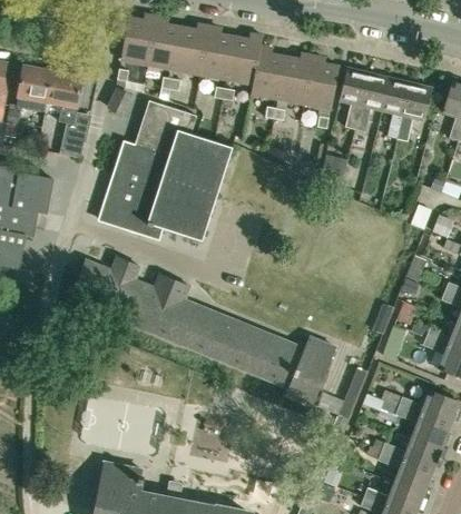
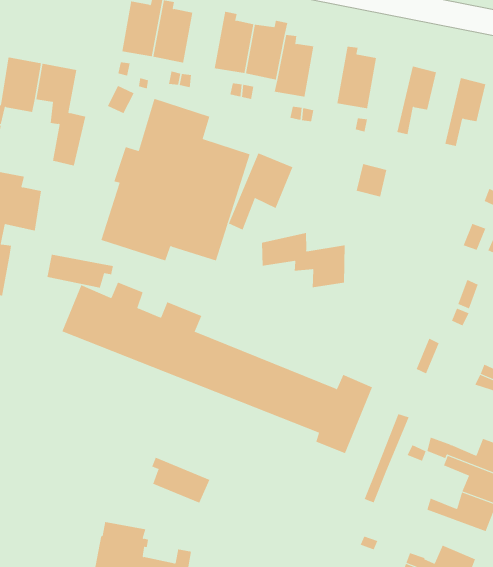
building: [174,23,208,75] -> none
building: [277,53,313,105] -> none
building: [339,68,369,129] -> none
building: [382,78,410,139] -> none
building: none -> [228,153,293,231]
building: none -> [262,232,345,288]
building: none -> [47,254,114,288]
building: none -> [152,457,210,504]
building: [377,452,432,494] -> none

